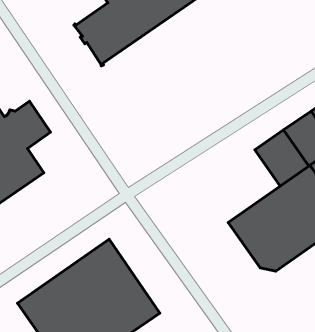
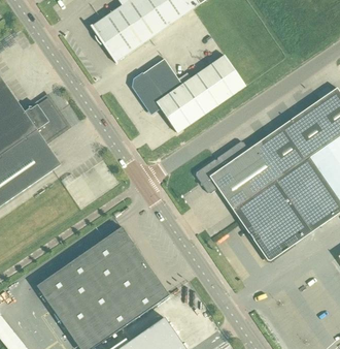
building: none -> [133,55,250,133]
building: none -> [196,141,281,211]

